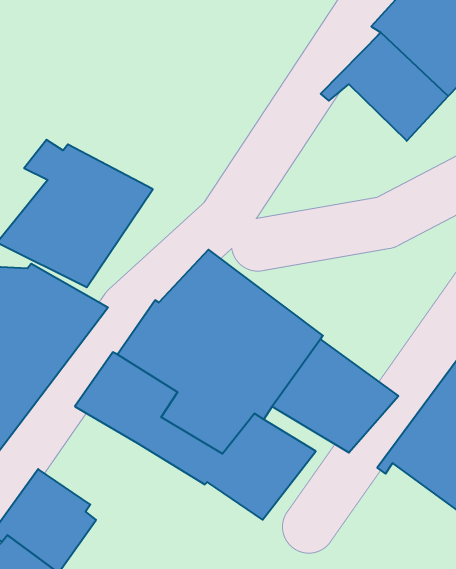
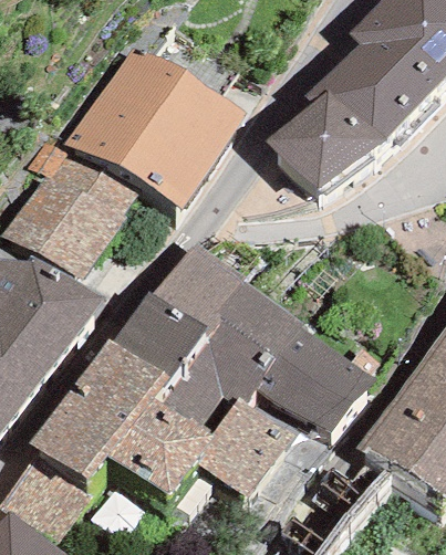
building: none -> [65,50,248,210]
building: none -> [266,90,383,192]
building: none -> [29,391,194,496]

